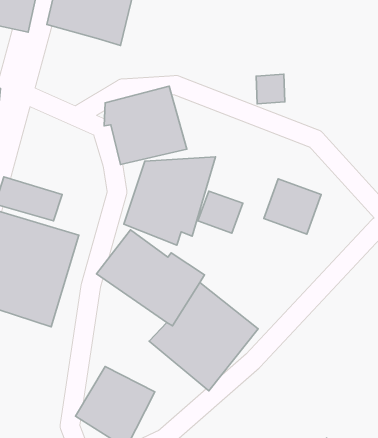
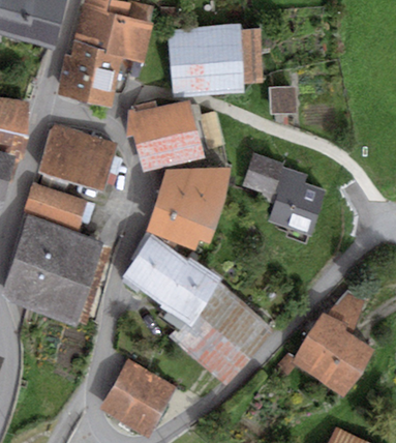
building: none -> [167,23,264,97]
building: none -> [57,40,122,106]
building: none -> [39,125,119,189]
building: [198,191,243,233] -> [247,159,290,199]
building: none -> [291,293,375,393]

